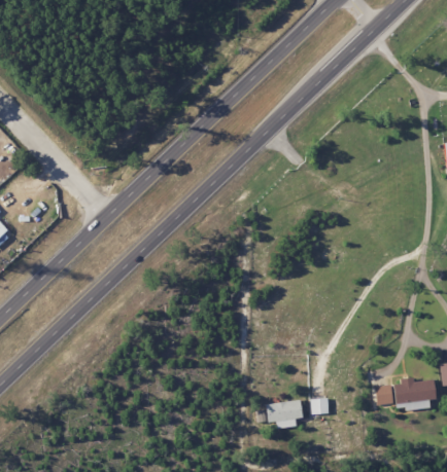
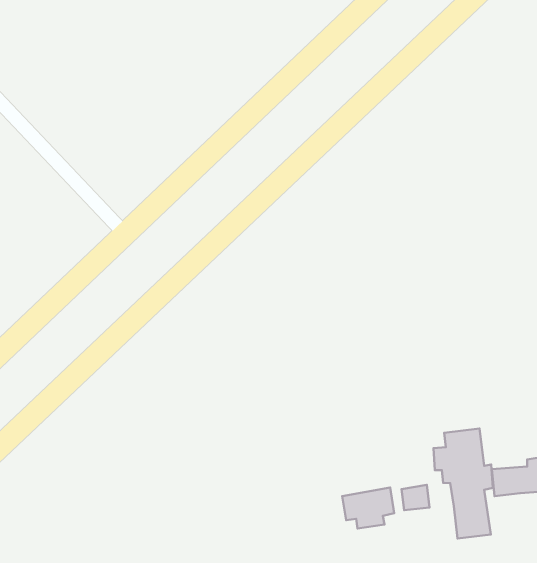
building: none -> [433,428,493,539]

